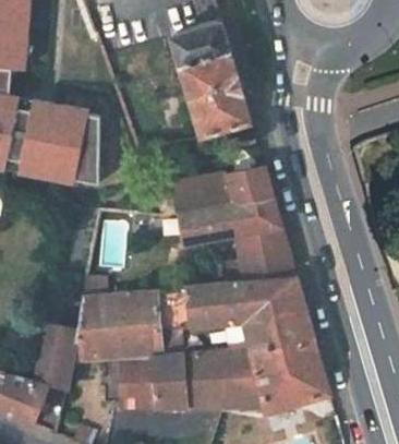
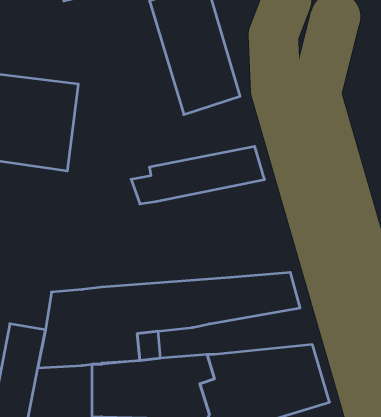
building: [176,195,295,283] -> none
building: [223,310,315,351] -> none

